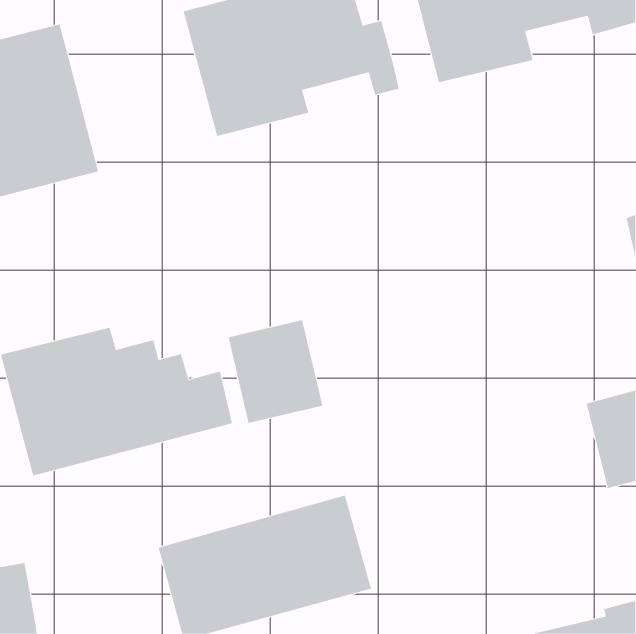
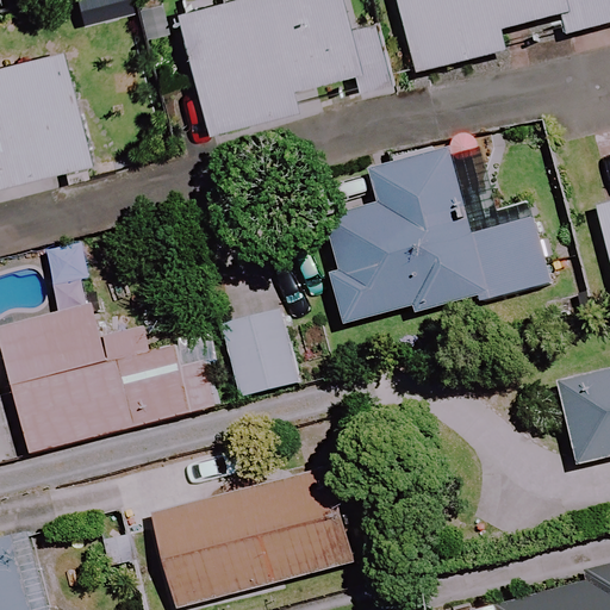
building: none -> [322,150,546,322]

